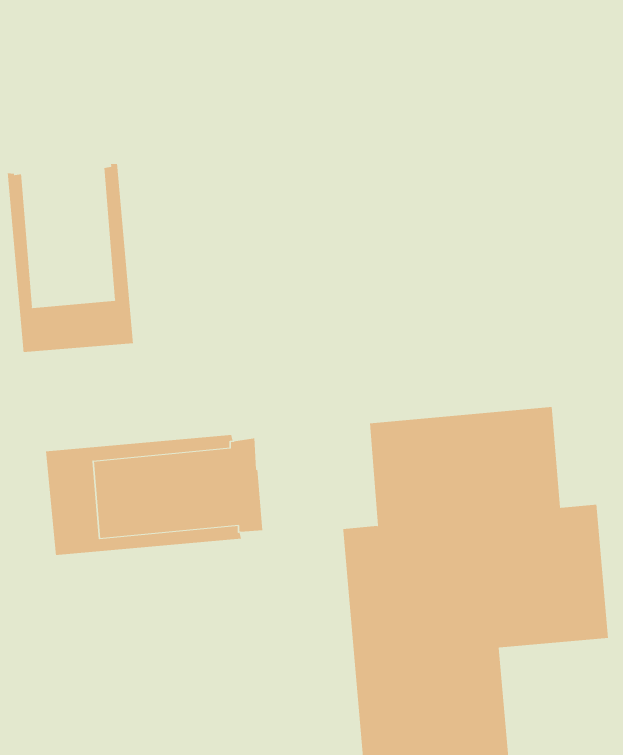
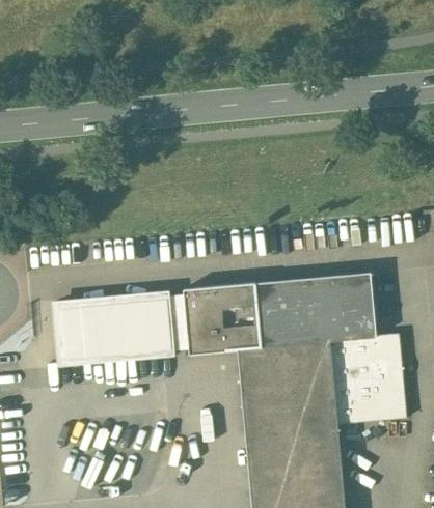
building: [7,163,133,353] -> none
building: none -> [184,283,261,355]

